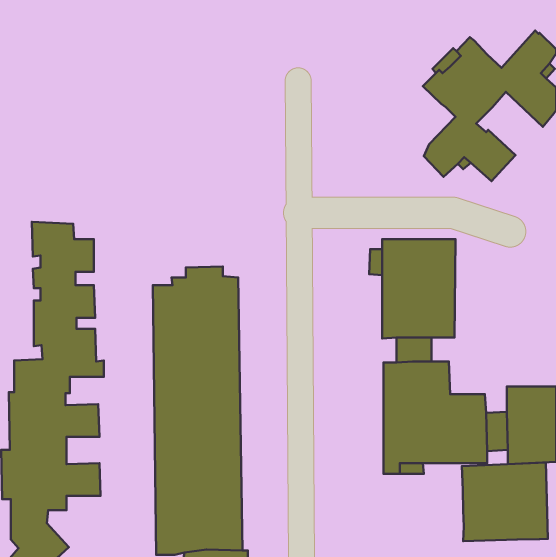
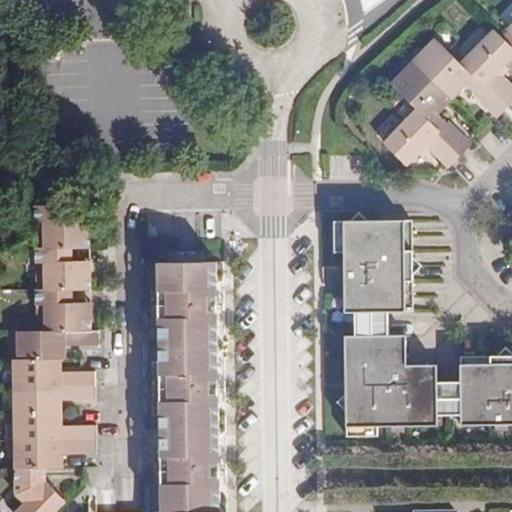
building: [462,463,548,541] -> none

